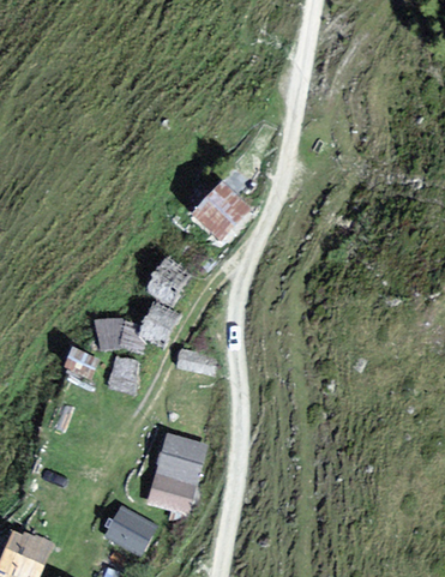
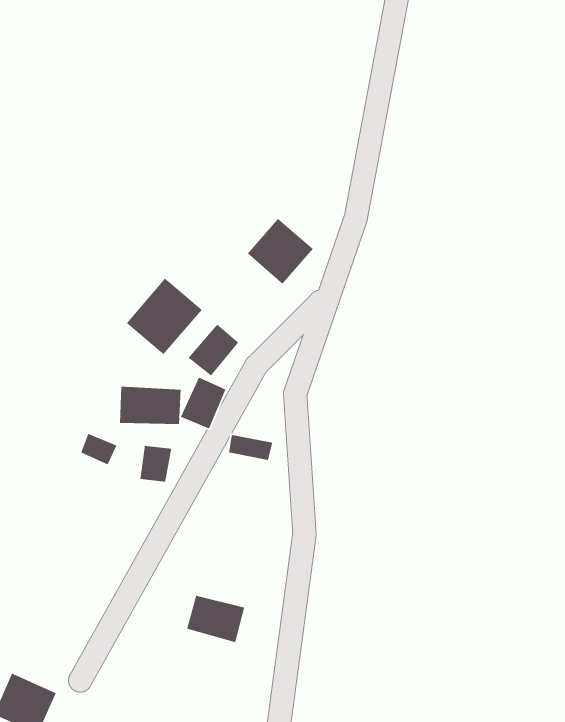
building: none -> [126,277,203,355]
building: [158,435,203,477] -> none
building: [104,509,152,553] -> none

